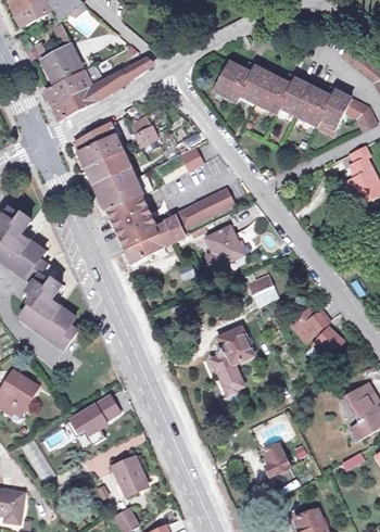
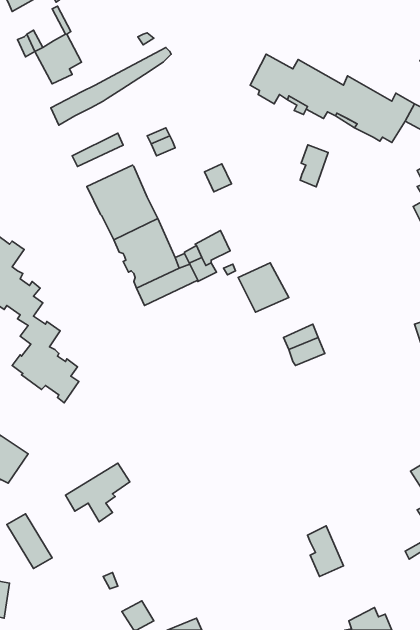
building: [48,62,104,103] -> none
building: none -> [300,145,328,187]
building: [76,134,121,167] -> none
building: [192,189,231,219] -> none
building: [290,311,342,358] -> none
building: [210,331,256,396] -> none
building: [114,456,147,493] -> none

